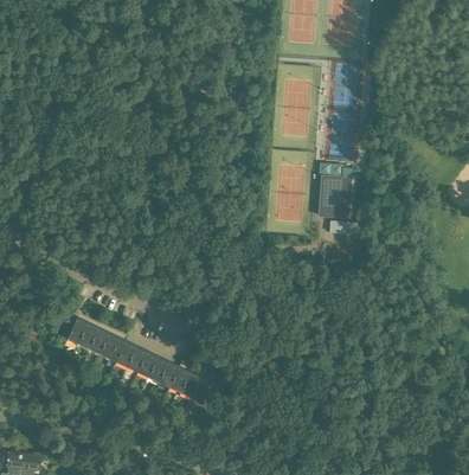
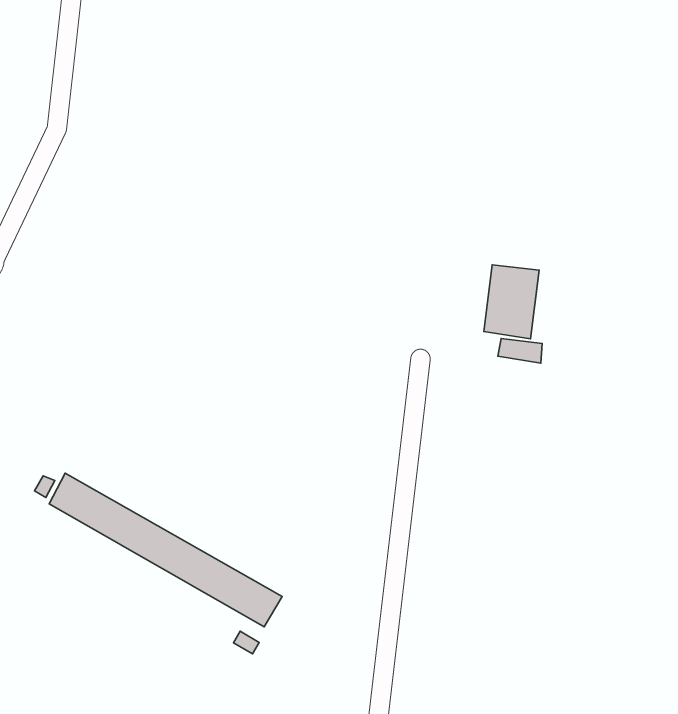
building: [280,165,303,208] -> none

